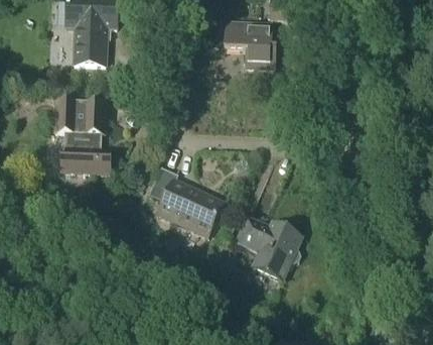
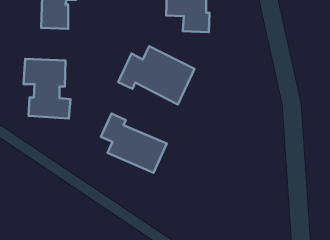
building: none -> [118,46,195,104]
building: [237,218,302,280] -> none

